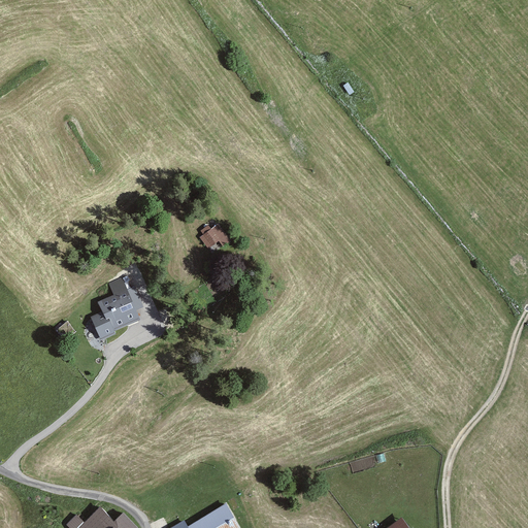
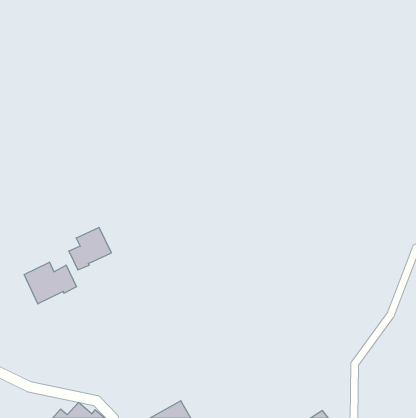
building: [197,224,228,255] -> none
building: none -> [24,262,76,304]

